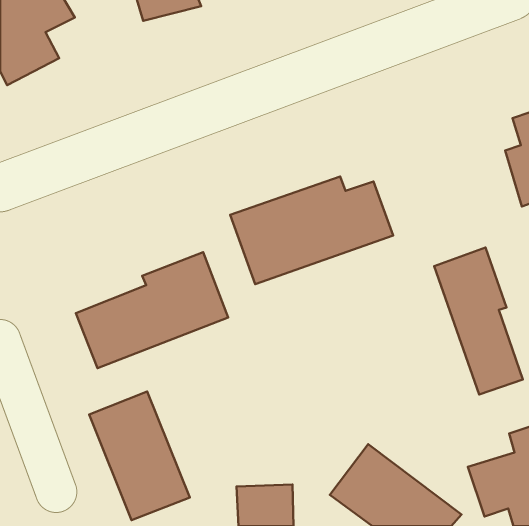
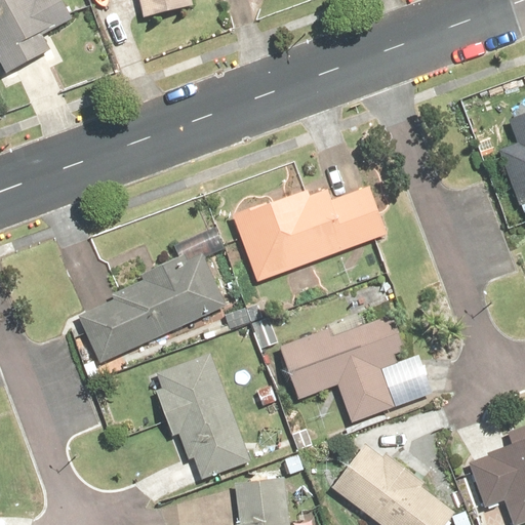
building: [434,247,523,394] -> none
building: none -> [280,306,411,420]
building: [89,392,190,520] -> [153,354,252,481]

